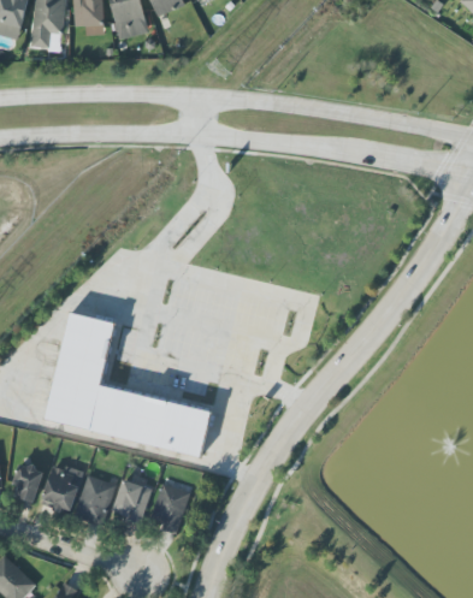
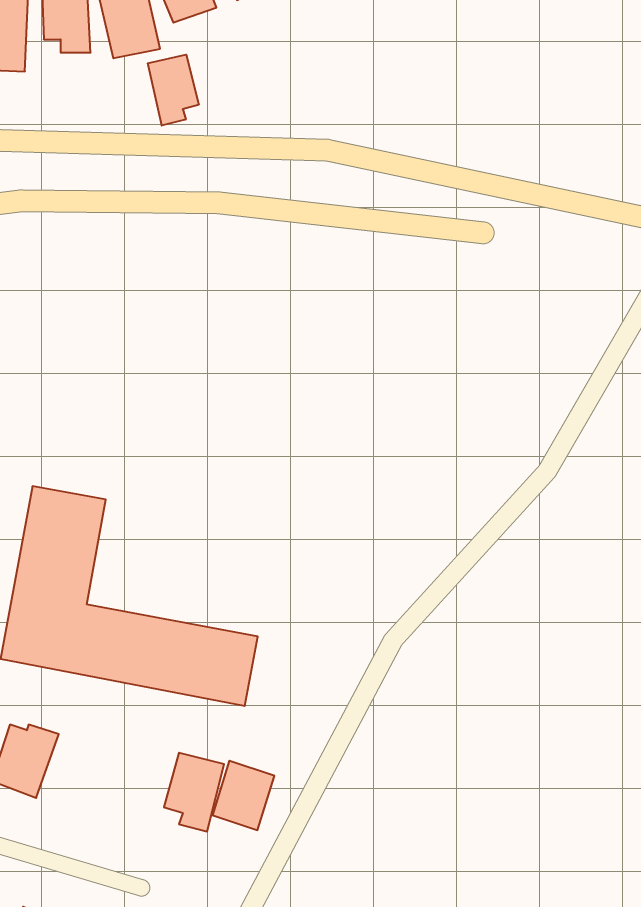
building: none -> [148,55,199,126]
building: [75,475,116,526] -> none
building: [112,479,152,523] -> [212,761,274,830]

